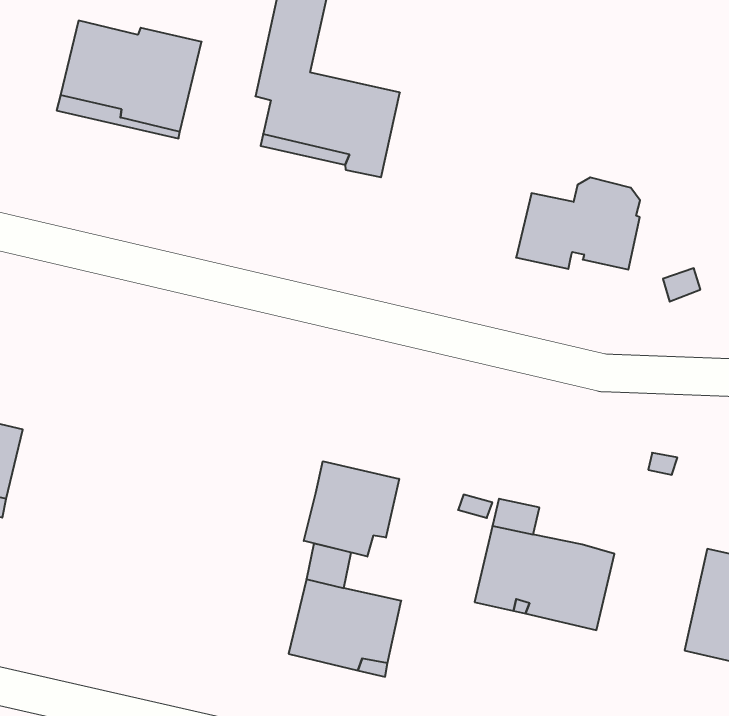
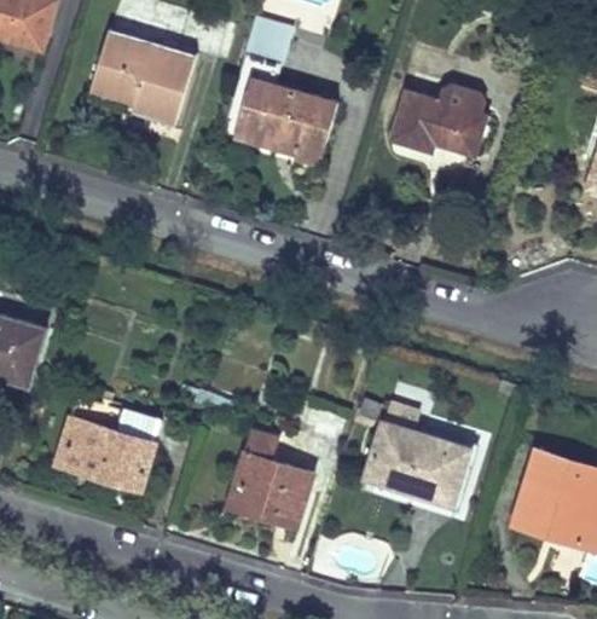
building: [516,177,640,270] -> [393,86,486,155]
building: [304,461,399,557] -> none
building: none -> [56,397,161,490]

